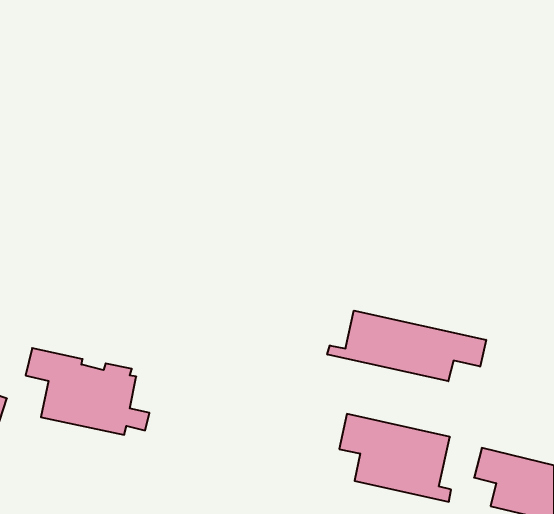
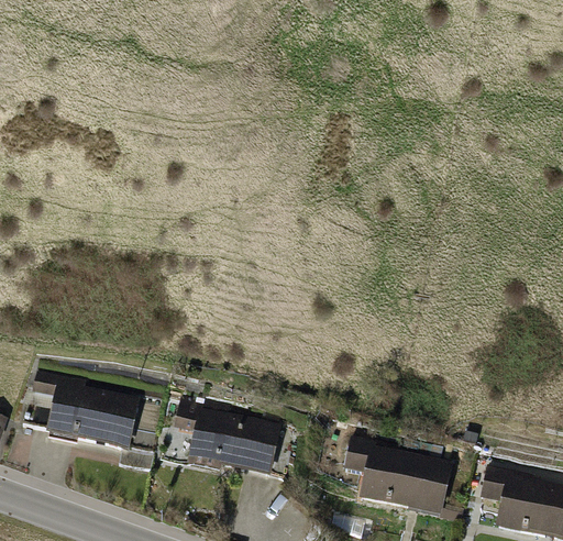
building: [327,311,486,381] -> none
building: none -> [174,398,279,478]

